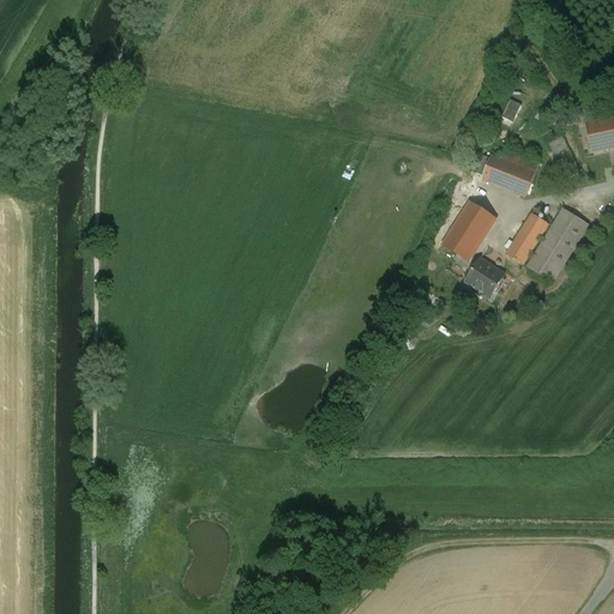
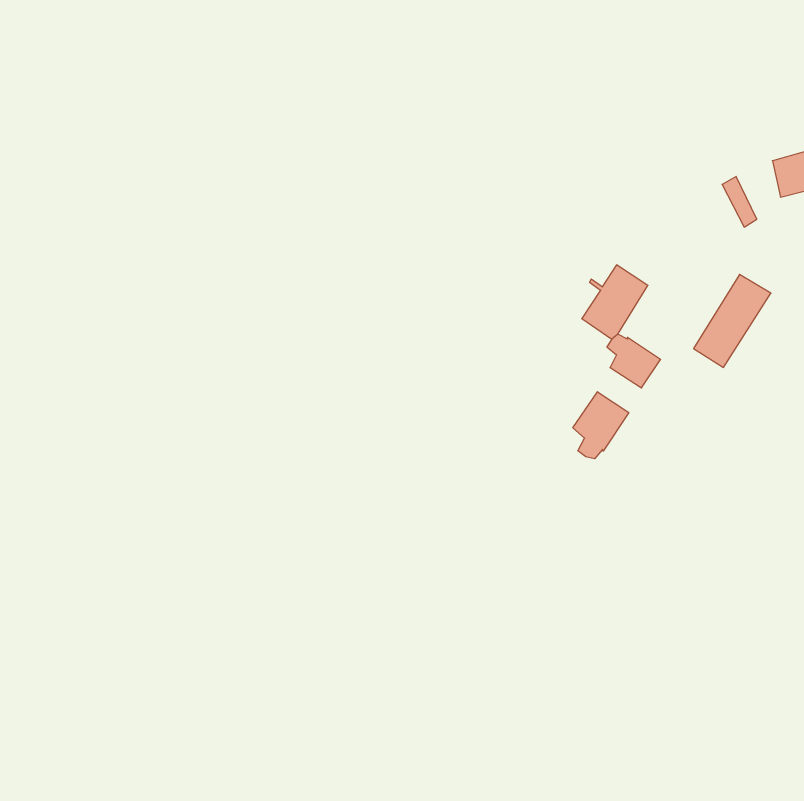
building: [474,145,540,193] -> none
building: [506,211,548,261] -> none
building: none -> [573,392,629,459]

